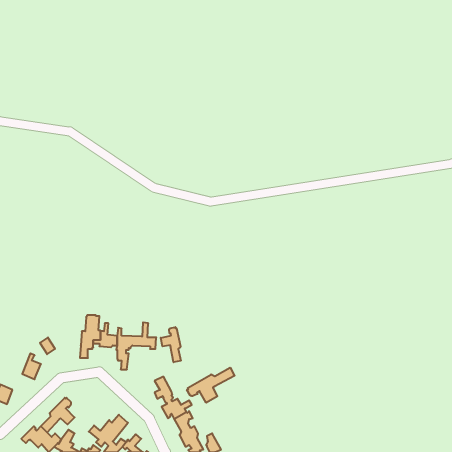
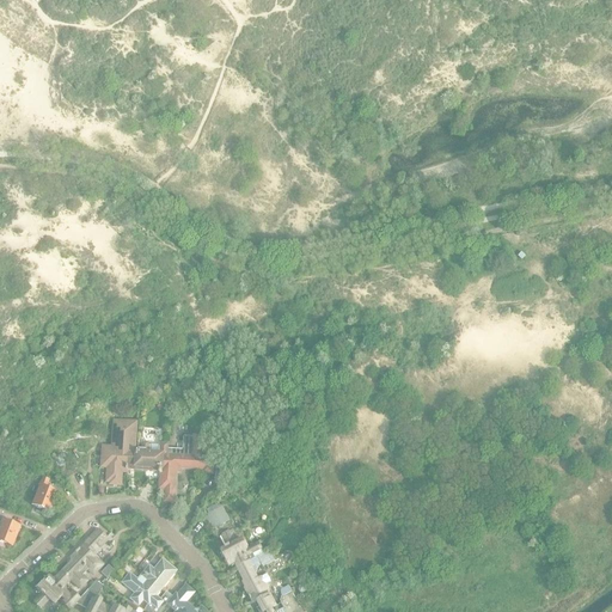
building: [161,327,181,362] -> none
building: [187,368,235,403] -> none

